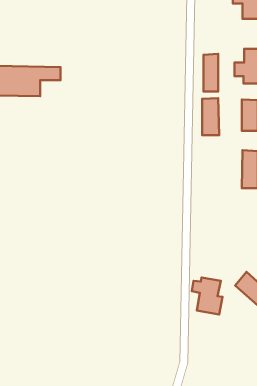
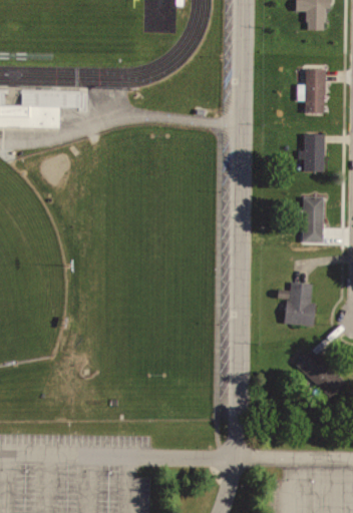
building: [203,54,218,91] -> none
building: [202,98,219,135] -> none
building: [192,278,222,315] -> [278,279,316,325]

